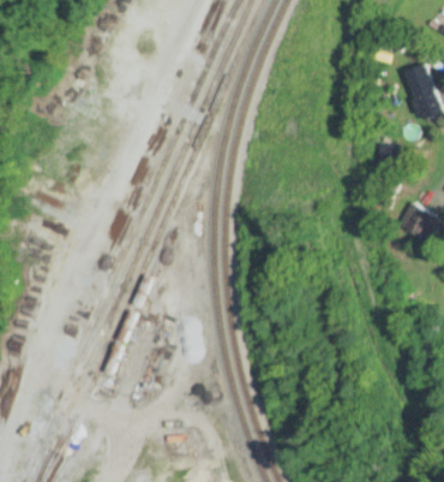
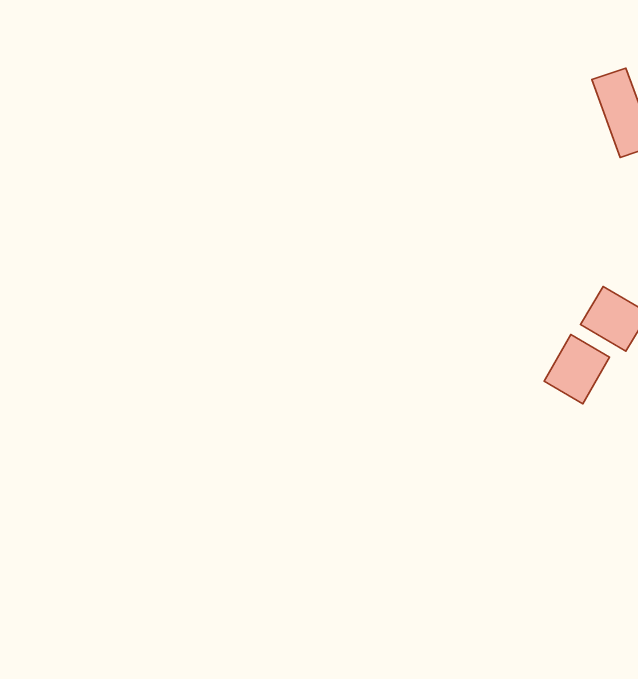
building: none -> [544,334,609,404]

